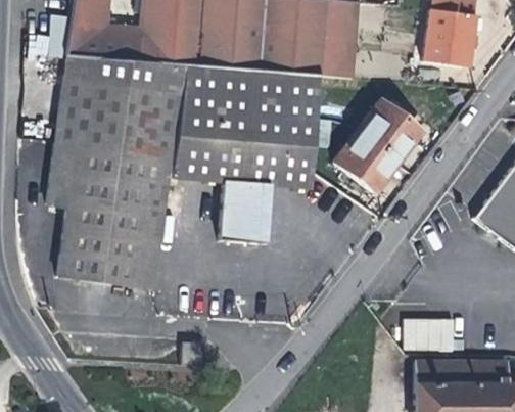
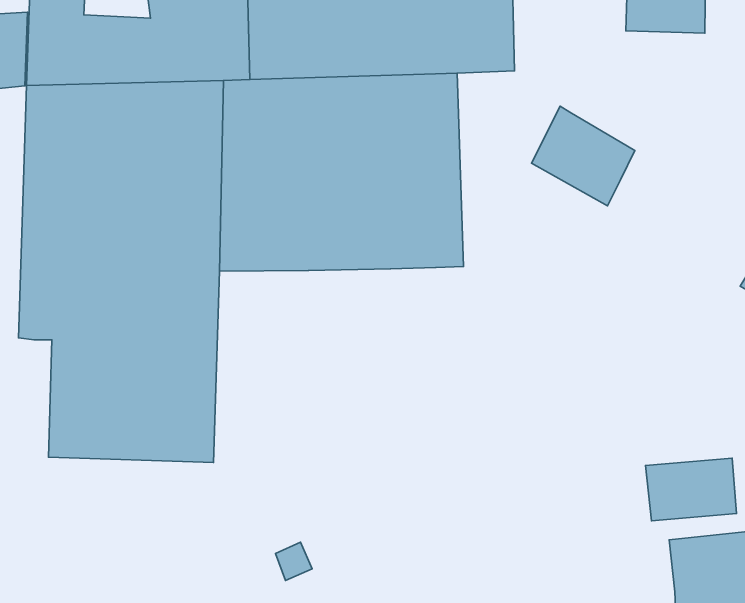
building: [334,133,401,201] -> none
building: [217,182,270,245] -> none

